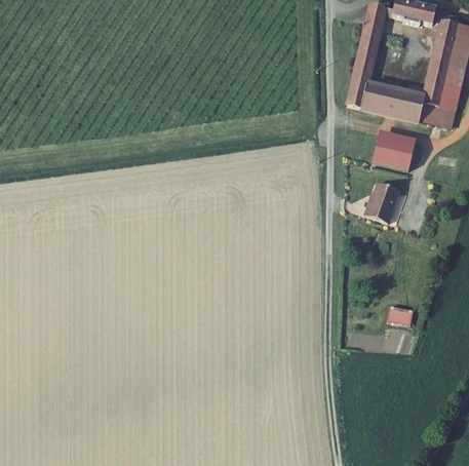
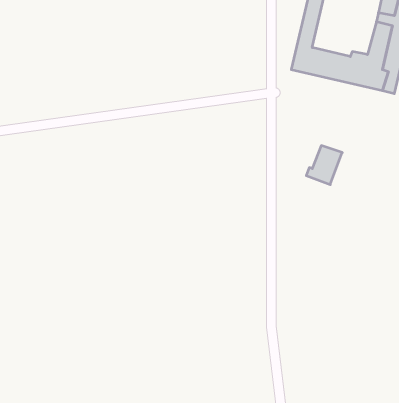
building: [370,138,412,169] -> none
building: [385,306,413,326] -> none

